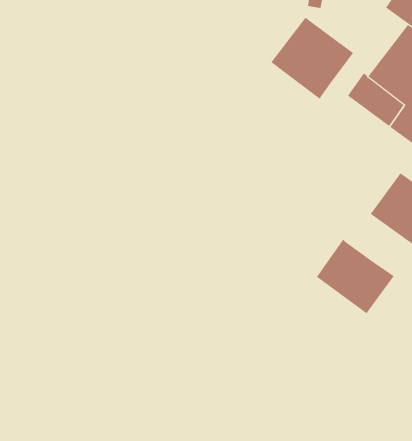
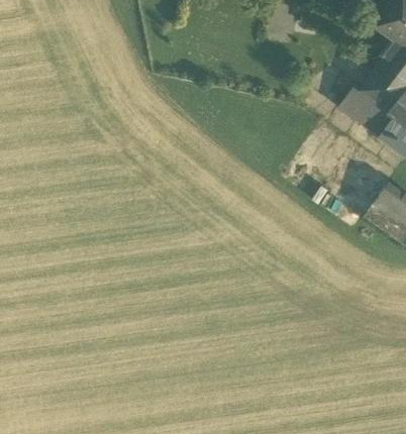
building: [271,17,354,100] -> none
building: [316,239,394,314] -> none

